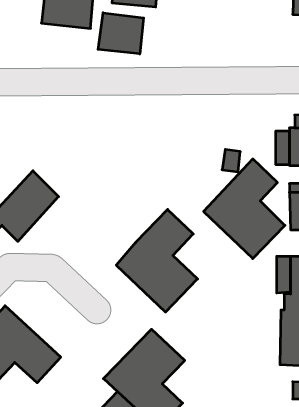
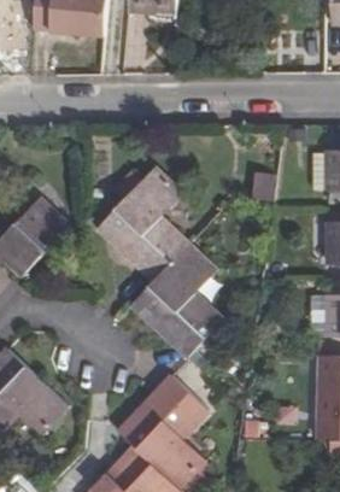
building: [98,13,144,54] -> none
building: [204,159,285,259] -> [98,166,189,279]

